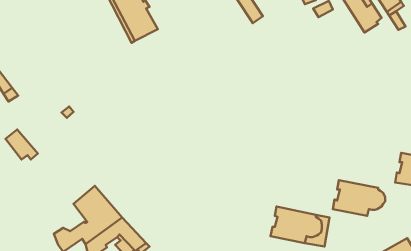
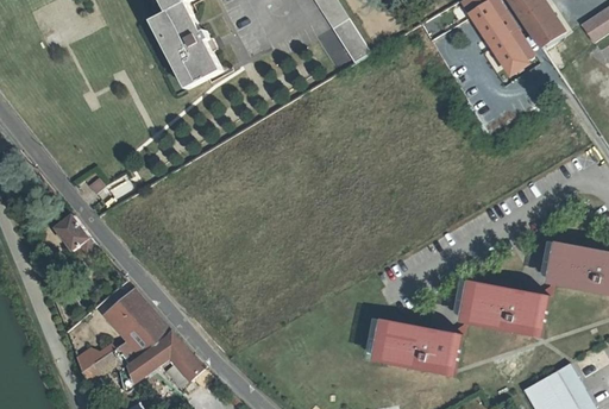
building: [5,129,38,159] -> [50,210,95,252]
building: none -> [513,291,548,335]

